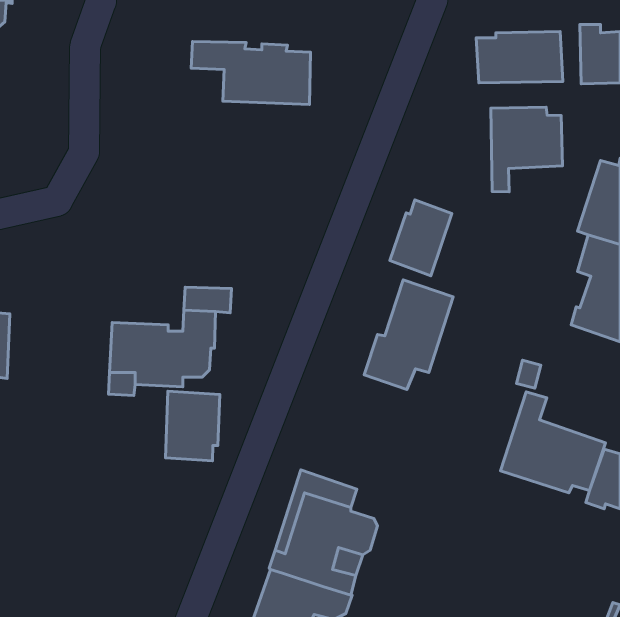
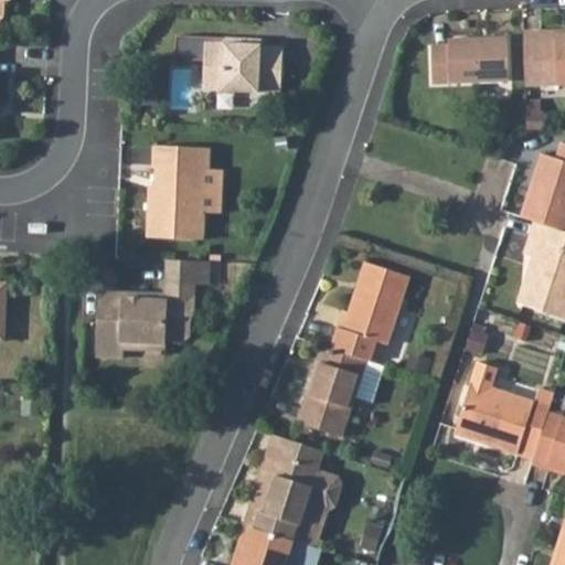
building: [491,107,562,192] -> none
building: none -> [147,152,210,245]
building: [390,200,452,276] -> none
building: none -> [297,342,384,431]
building: [166,391,220,461] -> none

